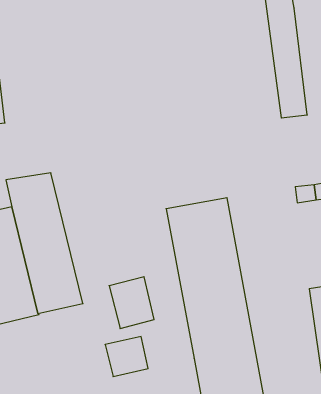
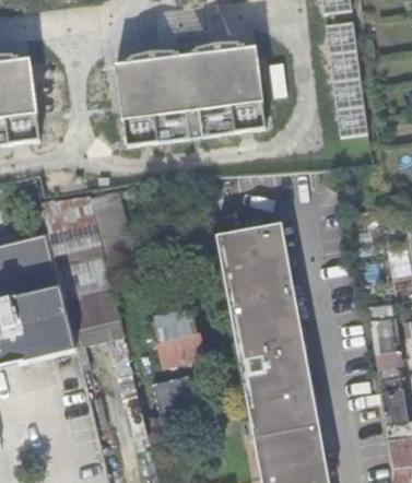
building: none -> [117,45,267,146]

